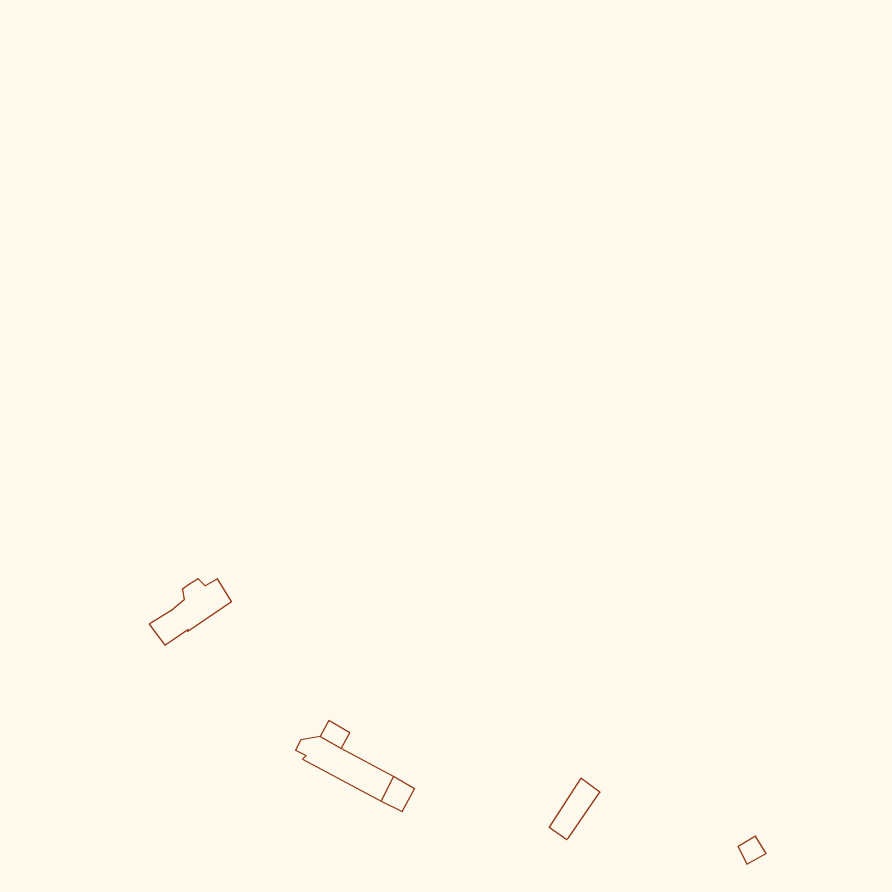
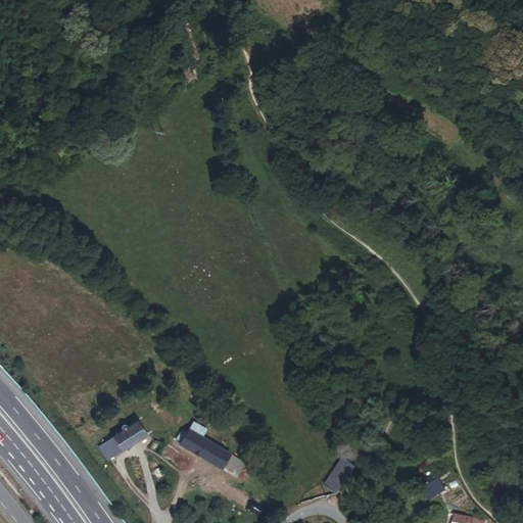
building: [149,579,231,645] -> [100,423,148,462]

